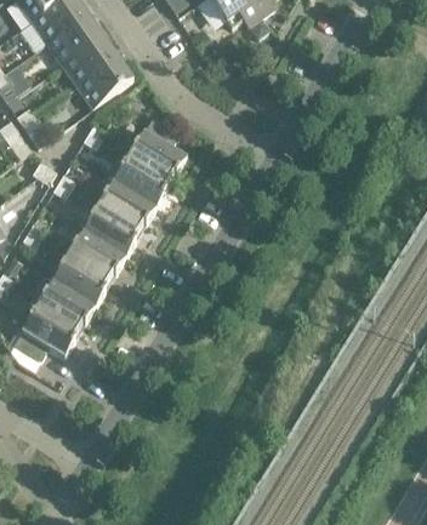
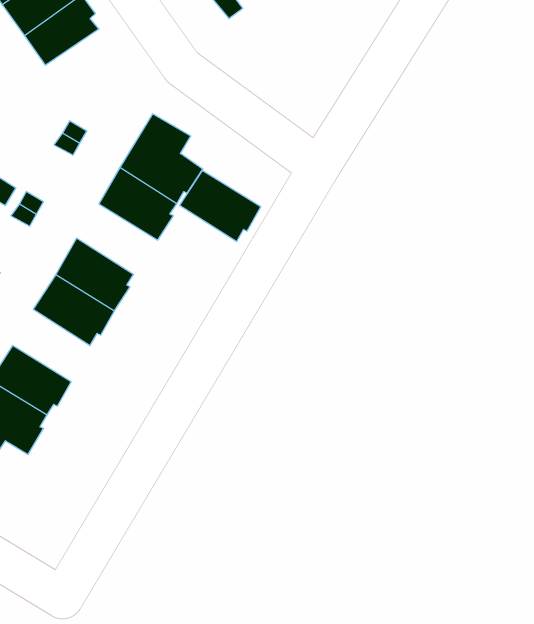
building: [74,58,131,107] -> none
building: [96,181,153,230] -> [180,171,261,241]
building: [51,255,106,306] -> none

